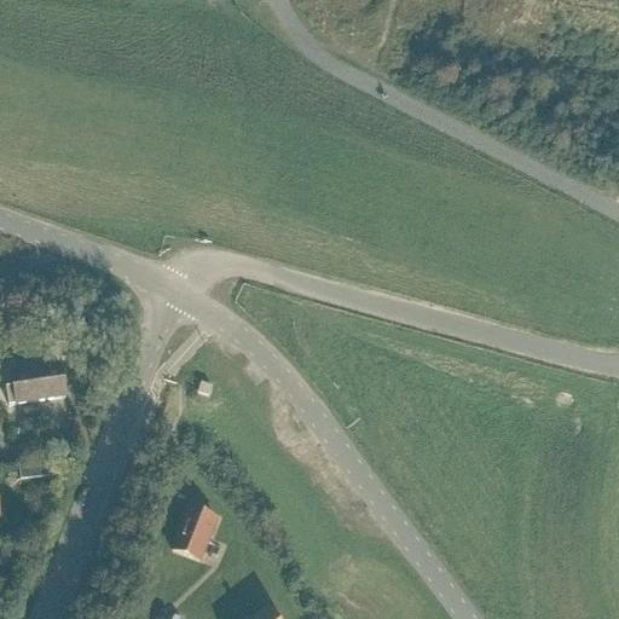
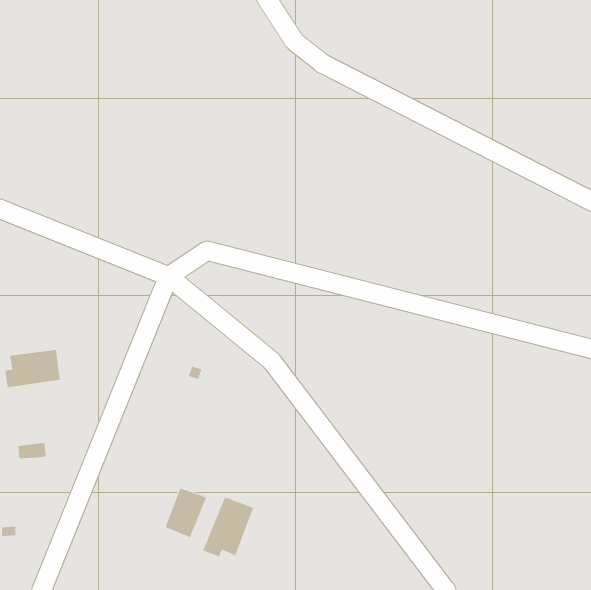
building: none -> [203,497,254,557]

